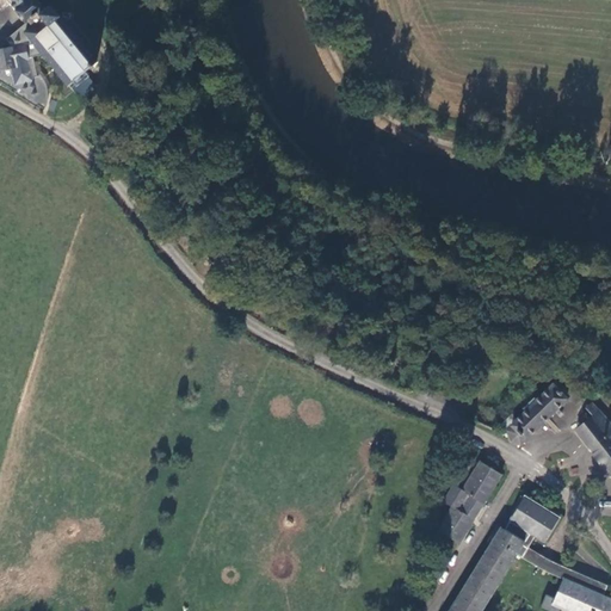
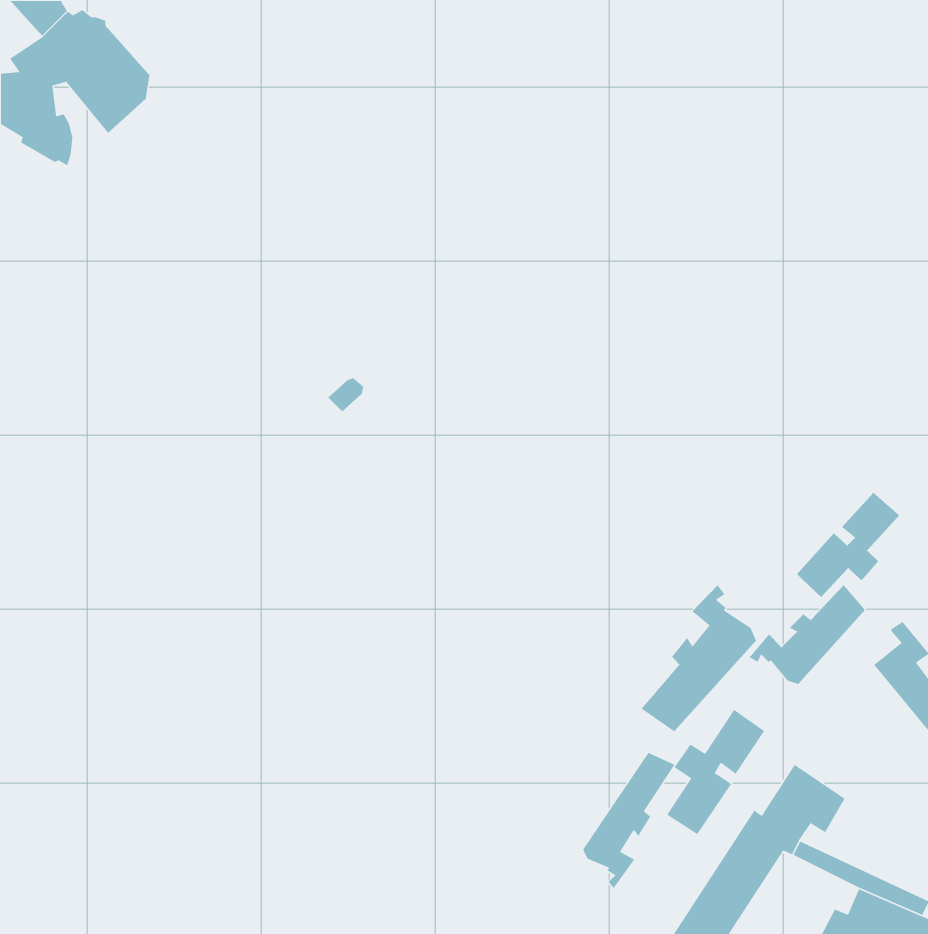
building: none -> [796,492,900,598]
building: none -> [640,584,757,732]
building: none -> [582,752,675,889]

